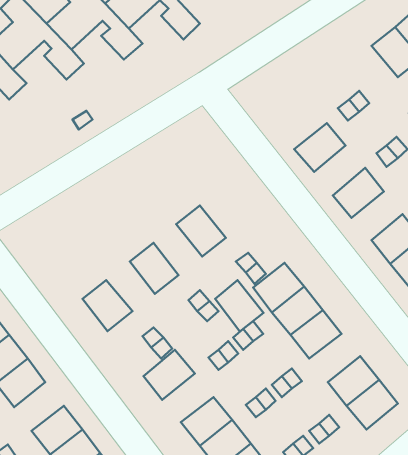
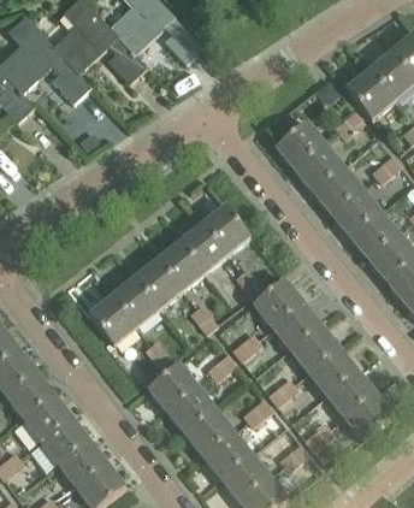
building: none -> [345,69,394,118]
building: none -> [276,120,325,169]
building: none -> [313,165,362,213]
building: none -> [202,205,250,254]
building: none -> [349,209,398,256]
building: none -> [112,277,159,325]
building: [215,280,264,331] -> [158,241,205,290]
building: none -> [308,347,357,394]
building: none -> [166,385,215,432]
building: none -> [23,394,71,441]

